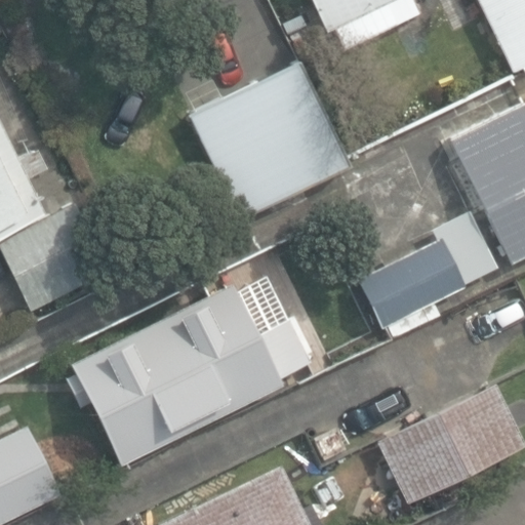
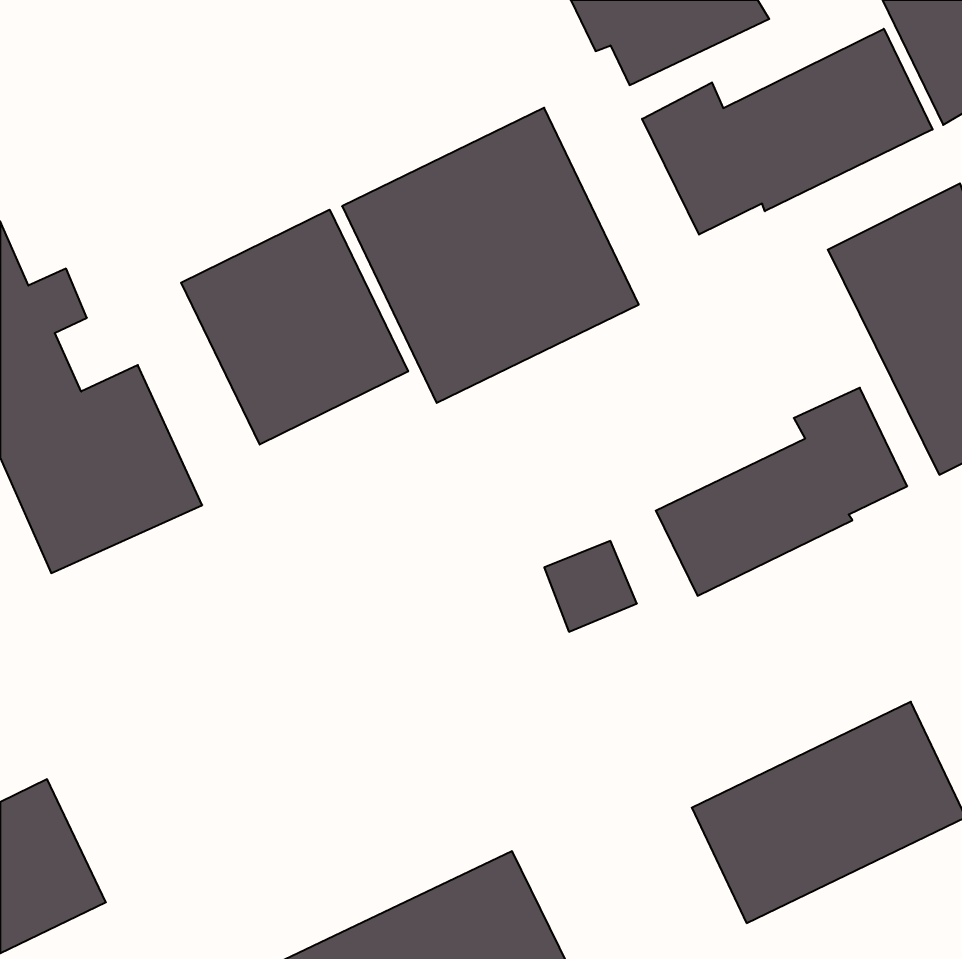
building: none -> [642,29,933,235]
building: none -> [181,210,408,445]
building: [71,285,310,463] -> none

